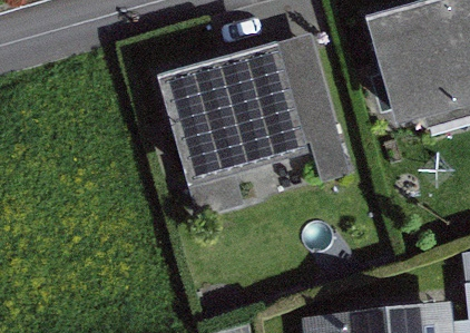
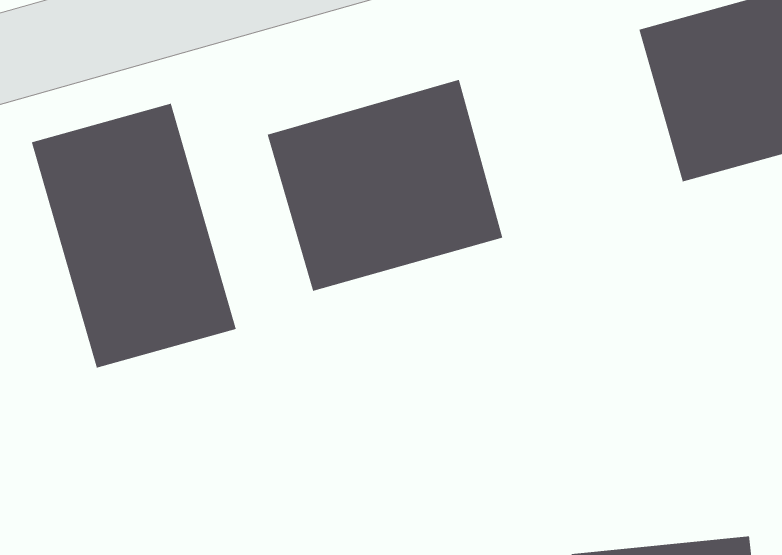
building: none -> [31,103,237,368]

